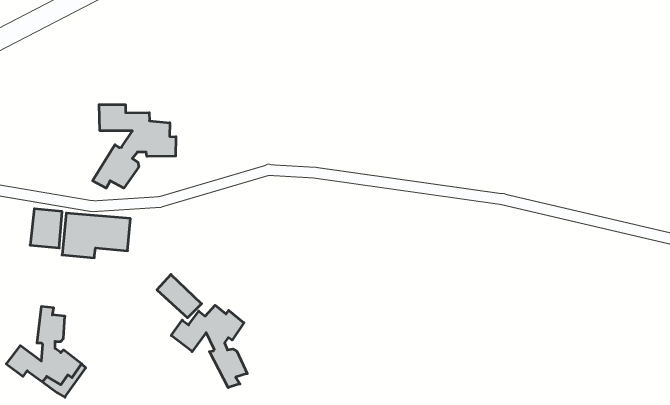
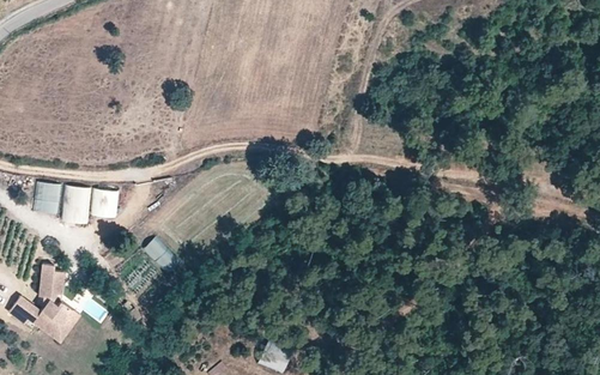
building: [93,105,176,188] -> none
building: [171,305,247,388] -> none

